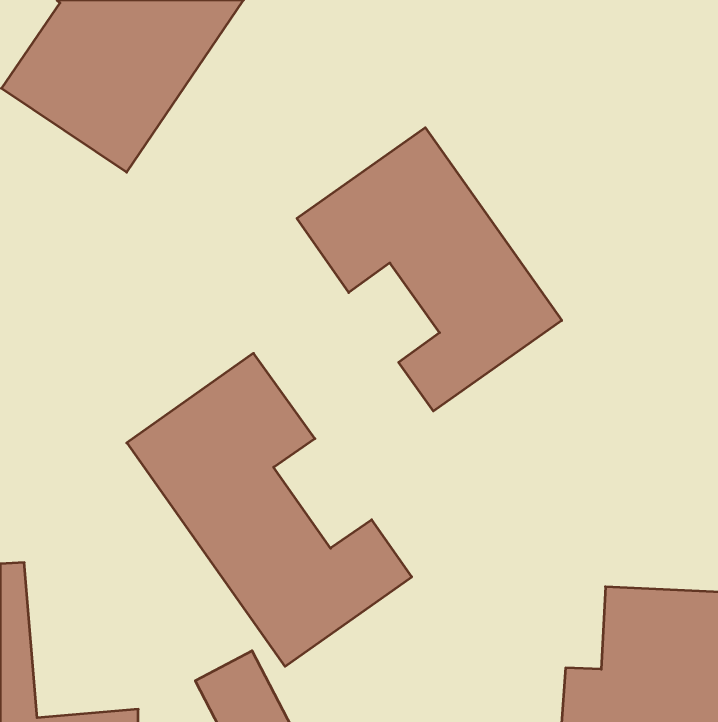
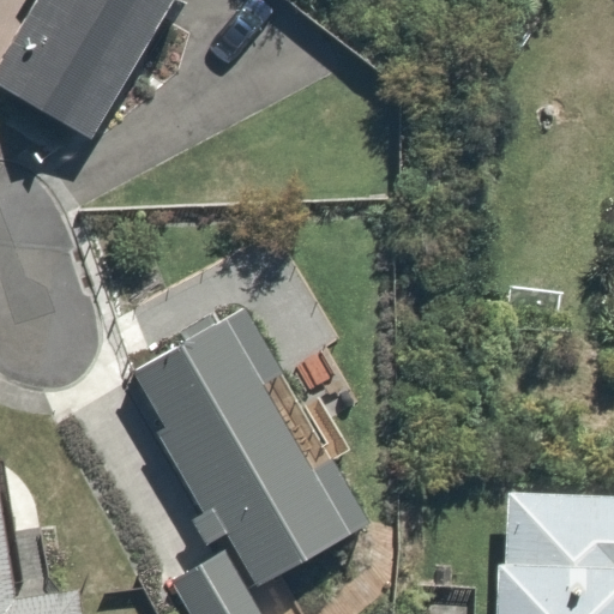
building: [297,128,562,411] -> none

